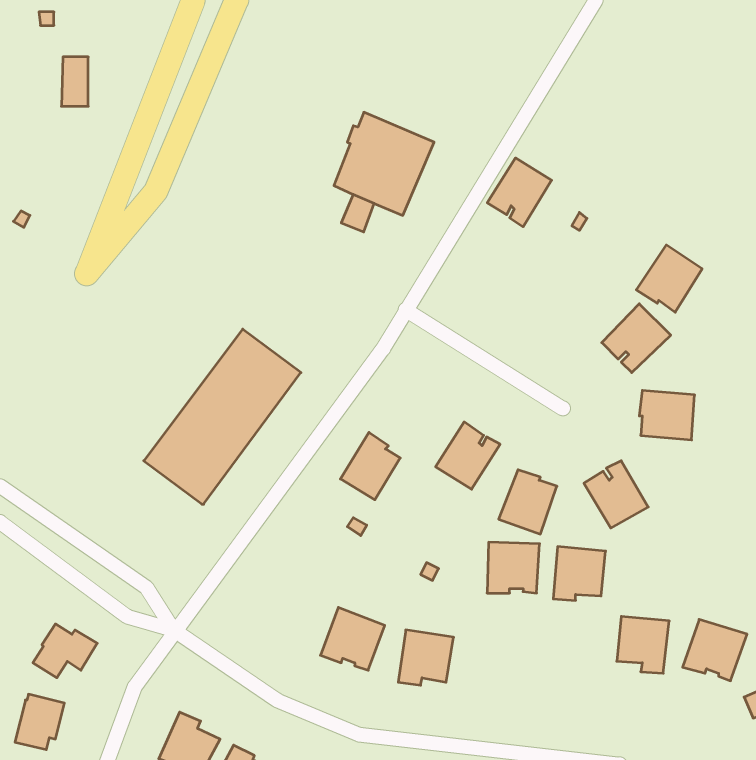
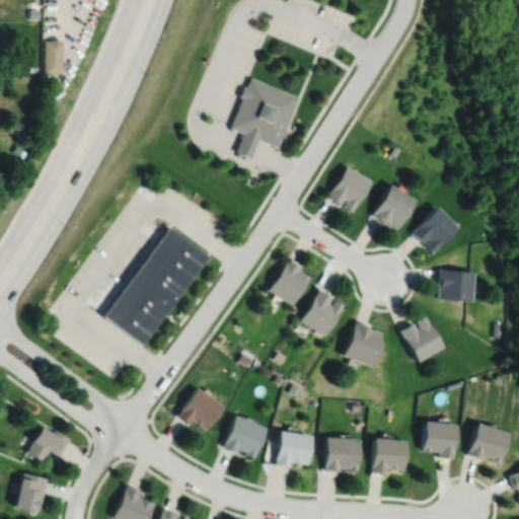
building: [487,158,552,227] -> [328,168,372,215]
building: [636,245,702,312] -> [372,187,417,232]
building: [340,432,400,500] -> [270,258,310,304]
building: [487,542,540,593] -> [325,437,361,471]
building: [553,547,606,600] -> [373,437,409,473]
building: none -> [177,387,224,430]

